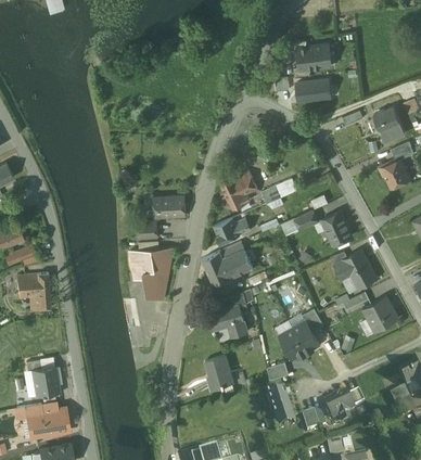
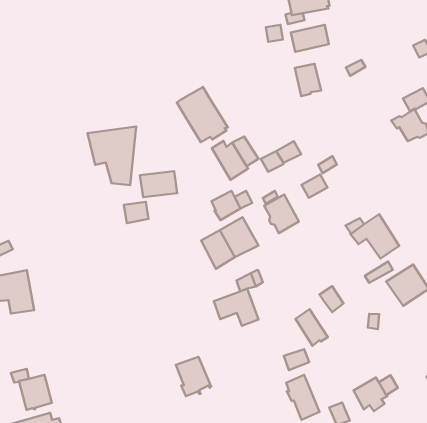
building: [373,107,404,142] -> none
building: none -> [295,64,321,96]
building: none -> [177,87,228,142]
building: [321,212,350,245] -> [264,194,299,233]
building: [129,248,173,299] -> [87,127,136,185]
building: [292,321,319,354] -> none
building: [204,355,233,388] -> [176,357,211,396]

